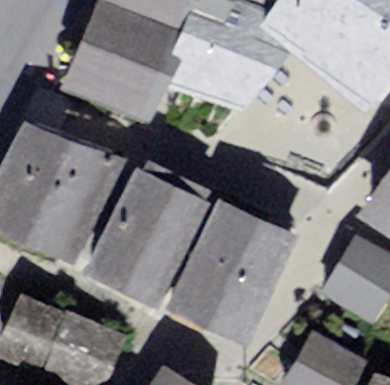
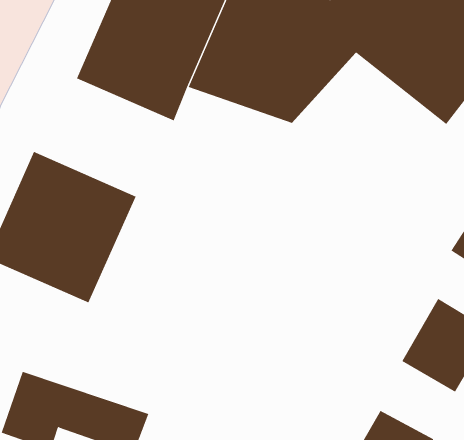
building: [98,176,211,300] -> none
building: [180,205,296,339] -> none

